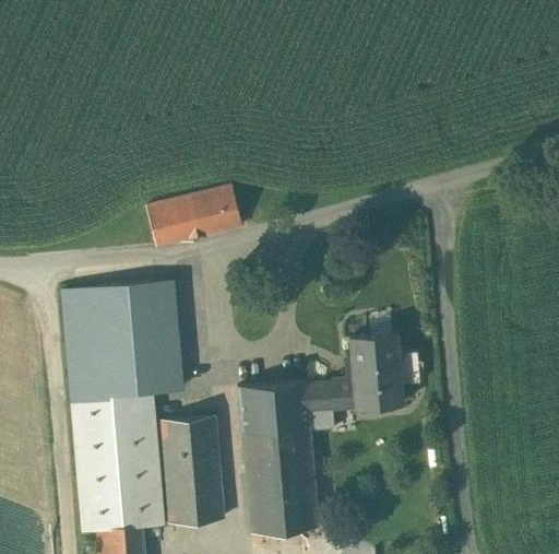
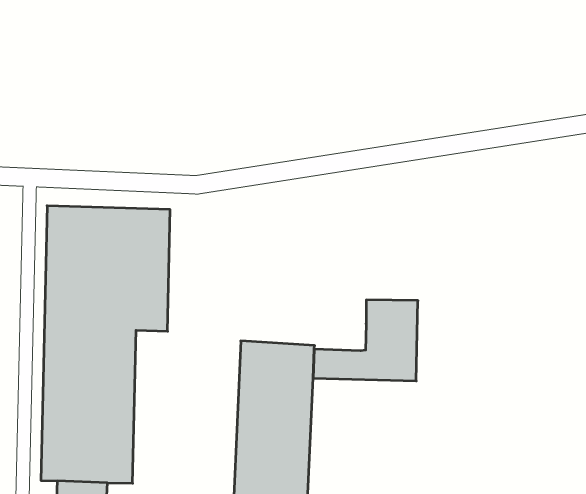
building: [143,187,239,249] -> none
building: [166,416,226,521] -> none

